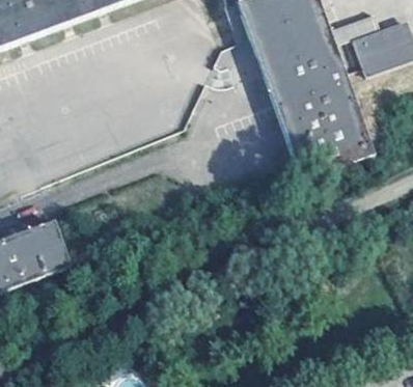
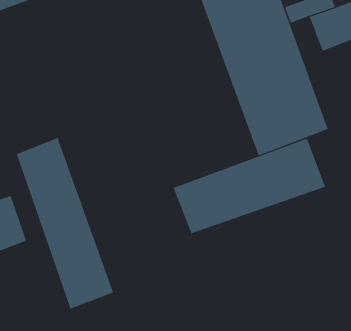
building: none -> [16,137,114,310]
building: none -> [173,138,326,234]

